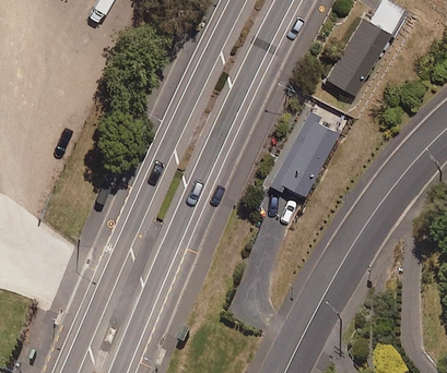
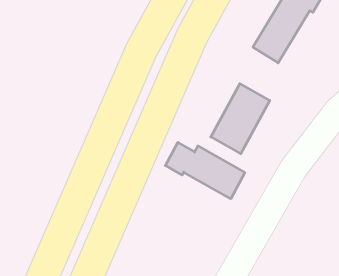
building: none -> [165,142,245,199]

